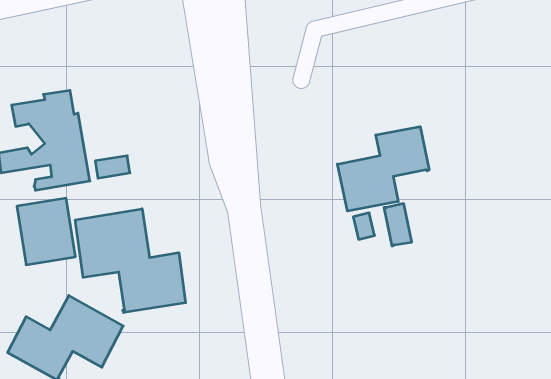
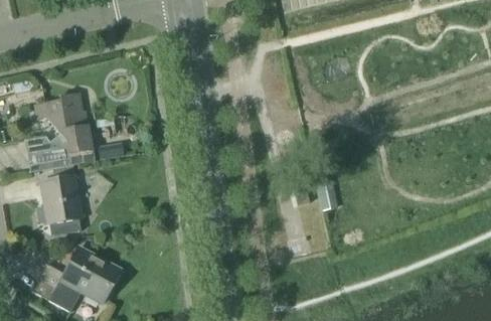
building: [337,127,429,211] -> none
building: [75,209,186,313] -> none

